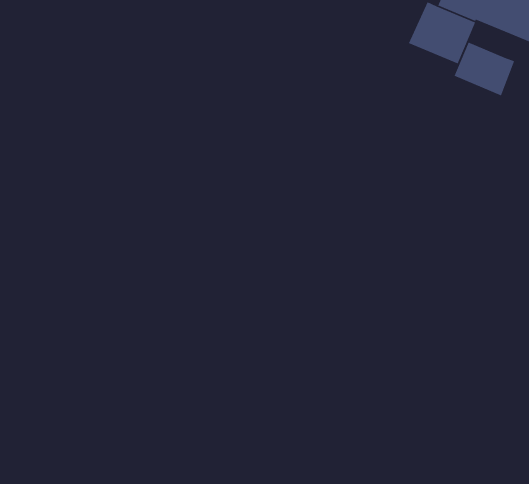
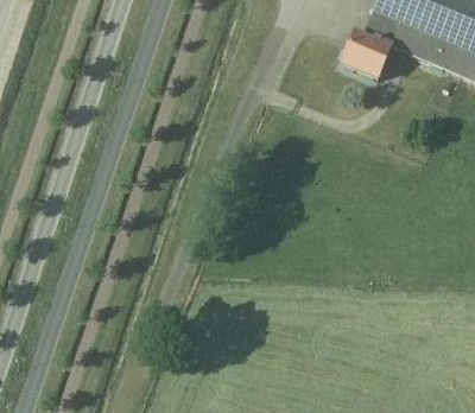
building: [453,41,515,97] -> none

